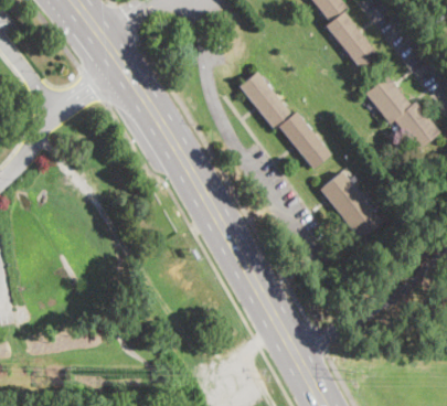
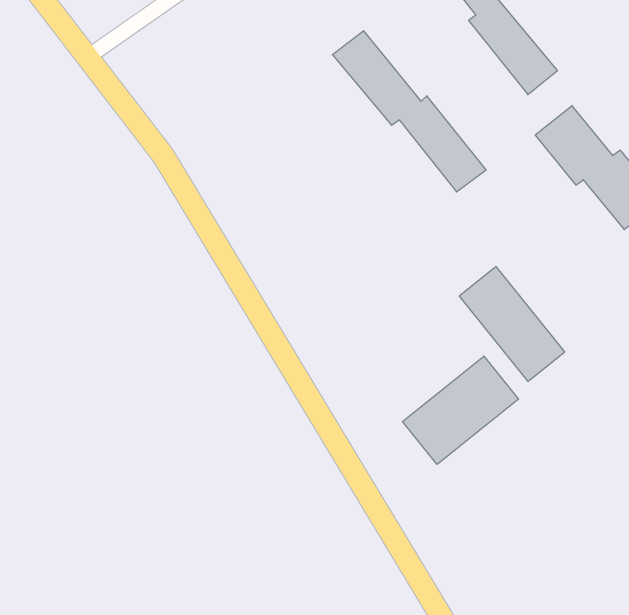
building: [238,72,330,168] -> [332,31,486,192]
building: none -> [403,356,519,464]

